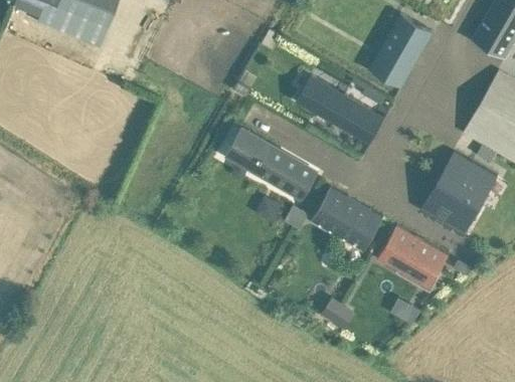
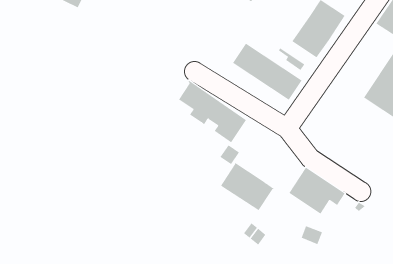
building: [420,152,498,236] -> none
building: [313,187,383,250] -> [218,162,275,214]

